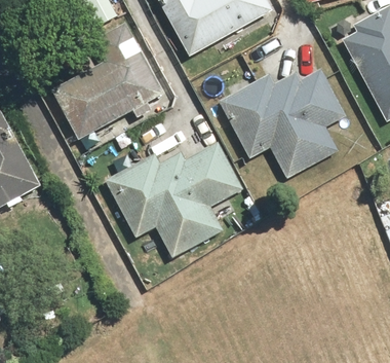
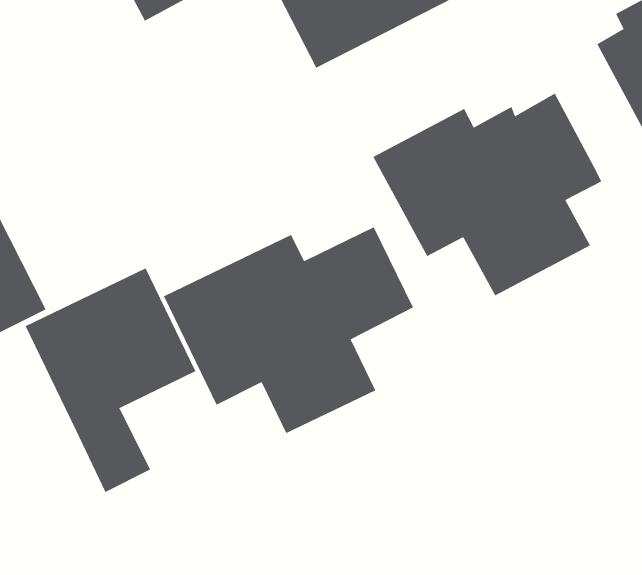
building: [60,25,162,135] -> none
building: none -> [25,267,196,493]

